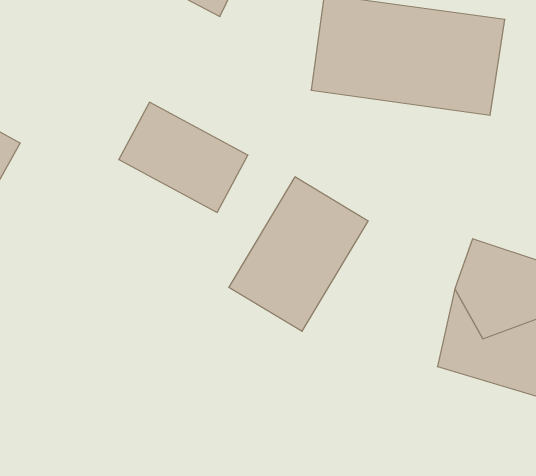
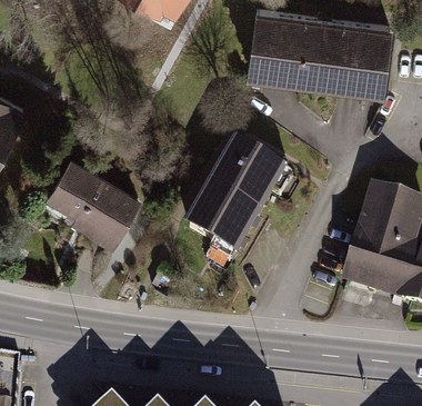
building: [119,102,248,212] -> [48,160,145,244]

